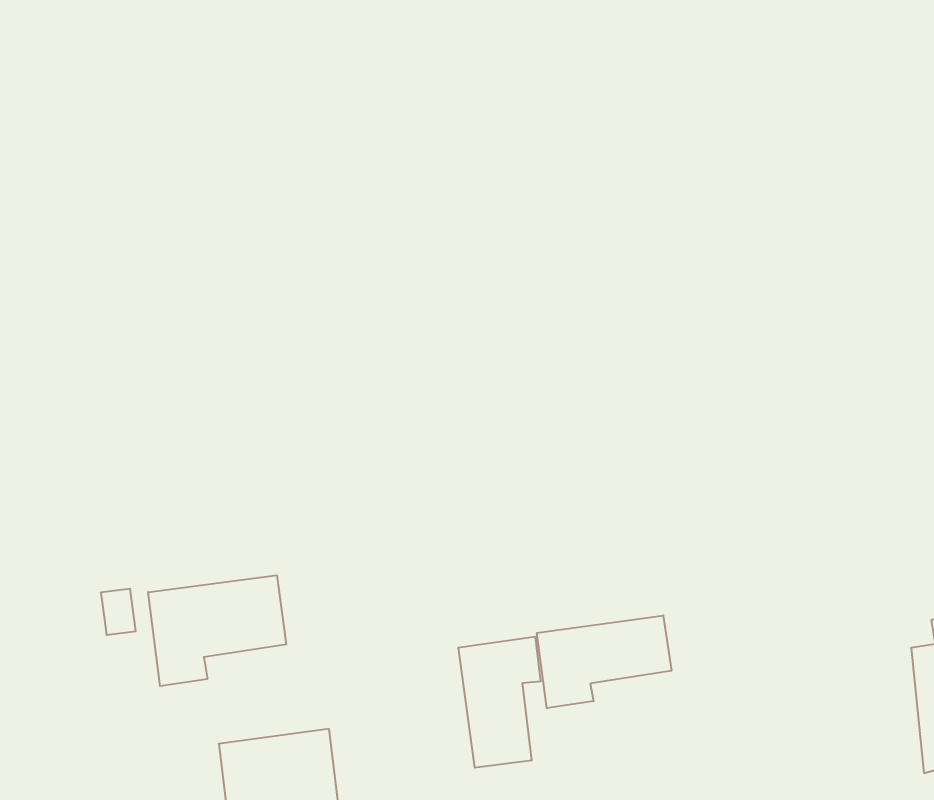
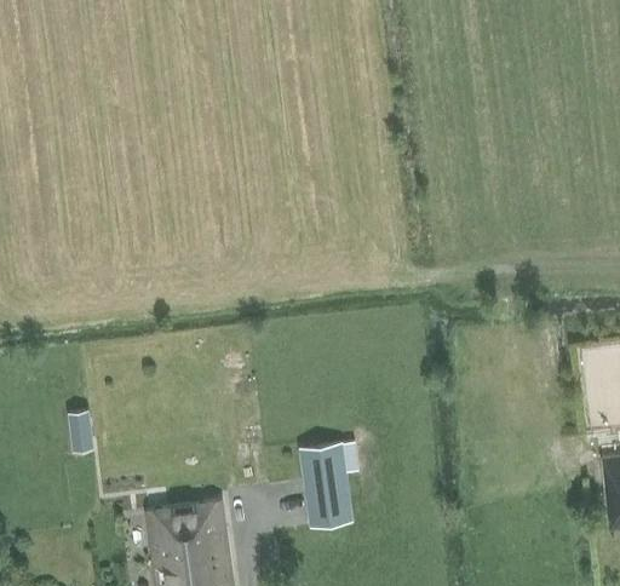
building: [148,575,286,686] -> none
building: [537,615,672,708] -> none

